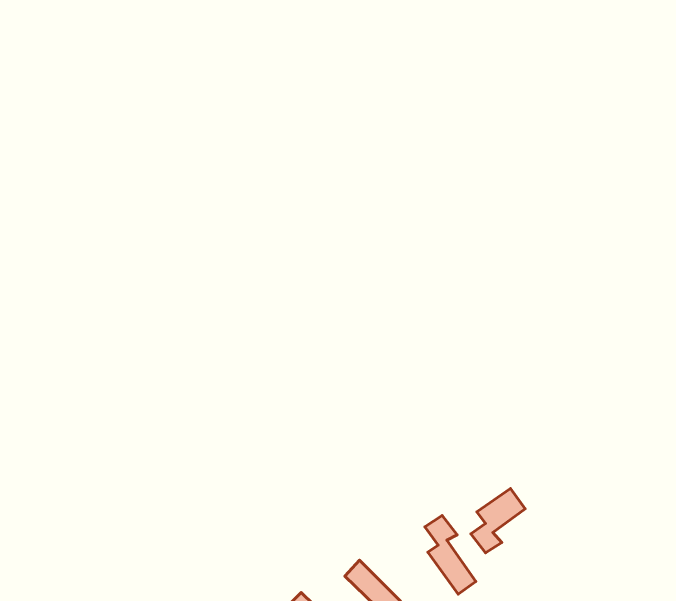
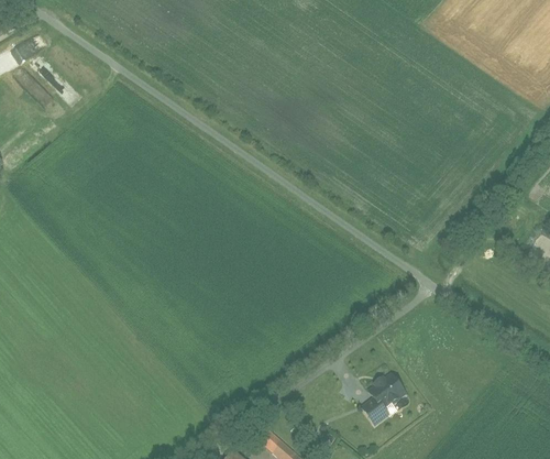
building: [425,516,476,594] -> none

